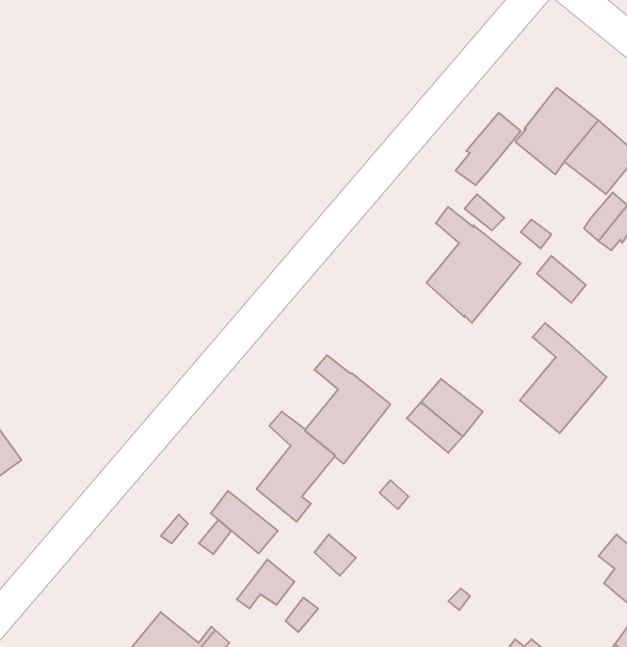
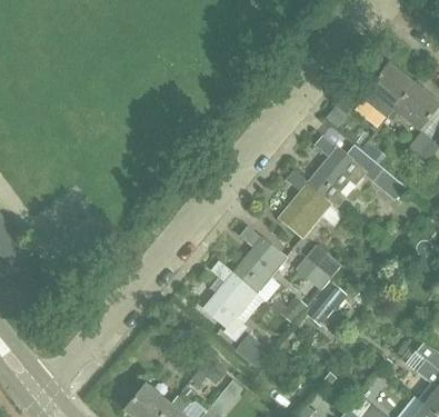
building: [520,323,607,433] -> [278,170,331,238]
building: none -> [305,276,348,321]
building: [211,491,278,553] -> none

